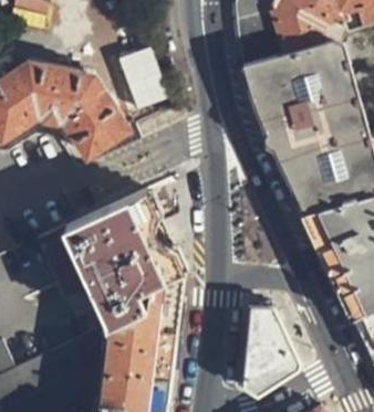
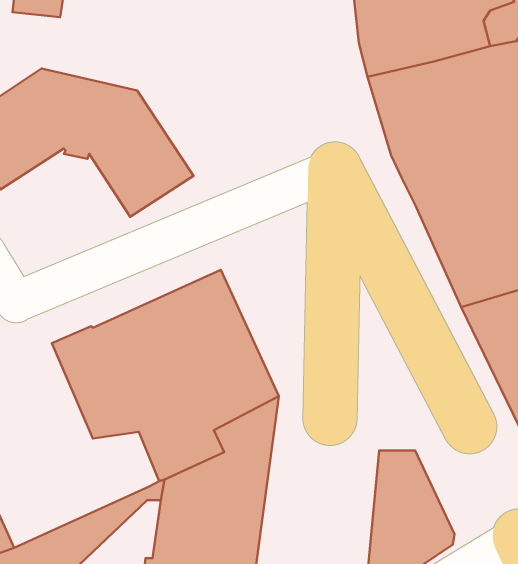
building: [116,49,167,112] -> none

